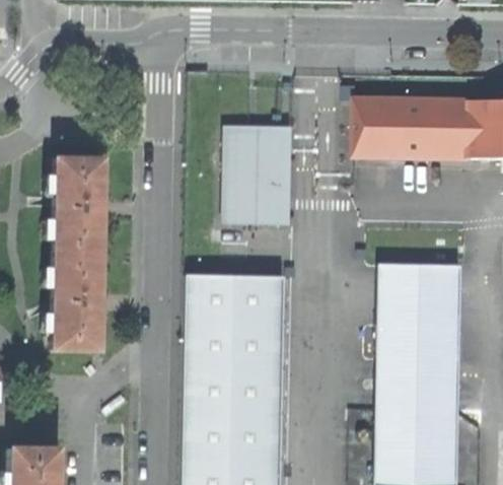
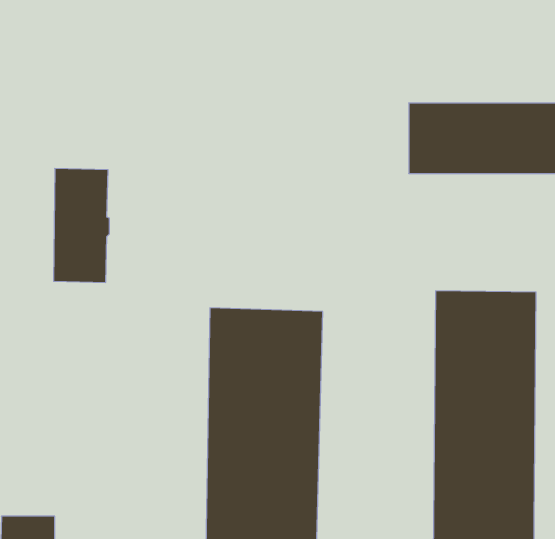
building: [221,124,291,224] -> none
building: [56,251,102,361] -> none

